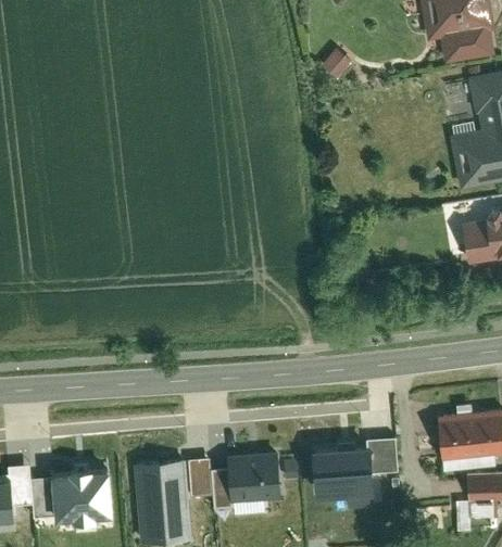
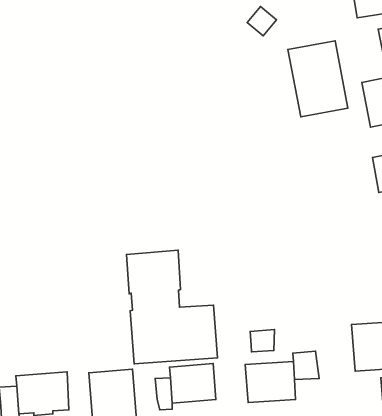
building: none -> [288,41,348,117]
building: none -> [126,250,218,364]
building: none -> [250,330,274,352]
building: [189,462,213,499] -> none

